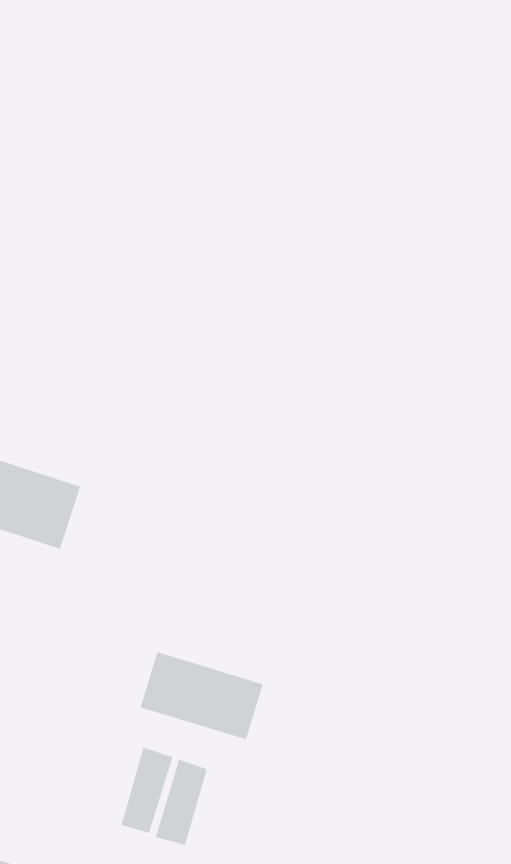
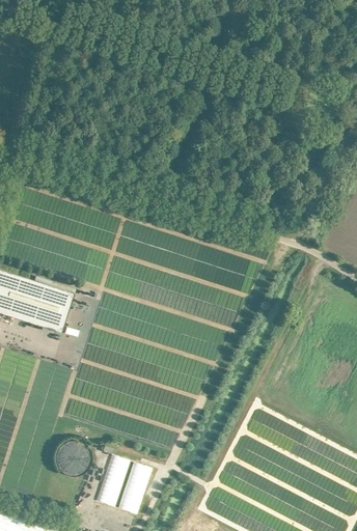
building: [140,651,264,740] -> none
building: none -> [55,437,92,474]

